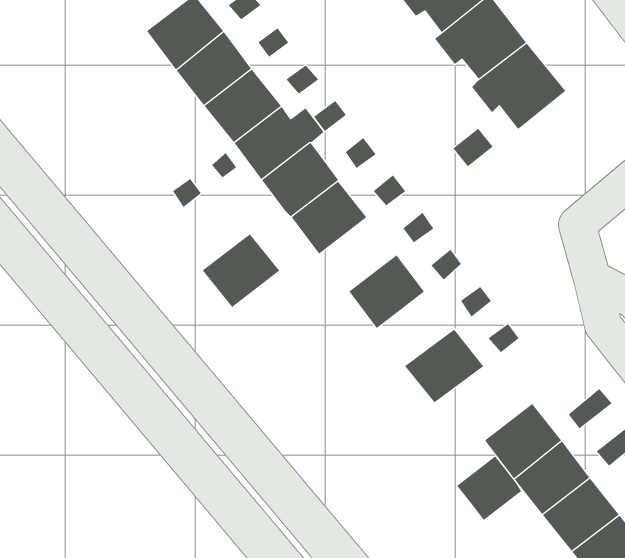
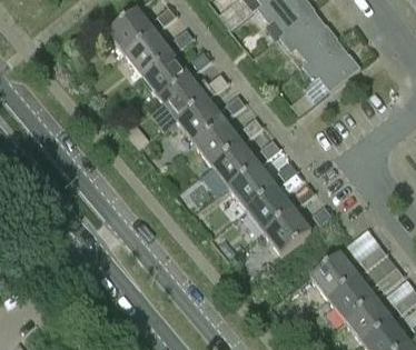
building: [202,233,280,308] -> [210,141,257,186]
building: none -> [245,186,291,230]
building: [457,455,522,521] -> none

